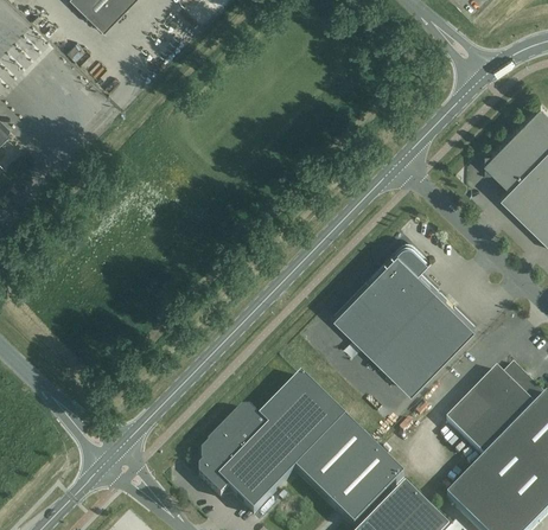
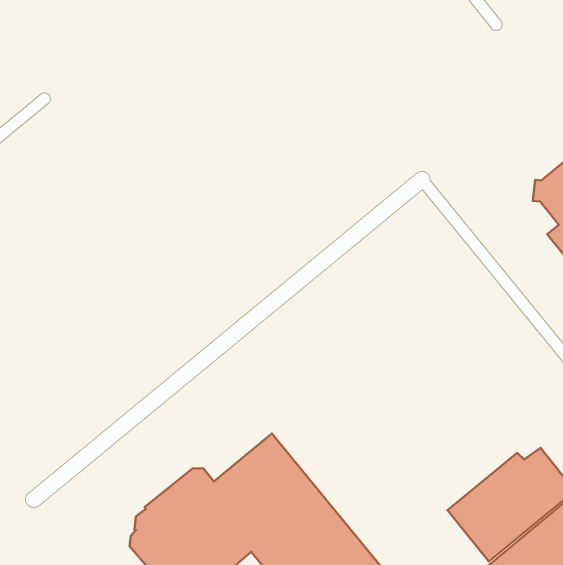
building: [333,244,474,391] -> none

